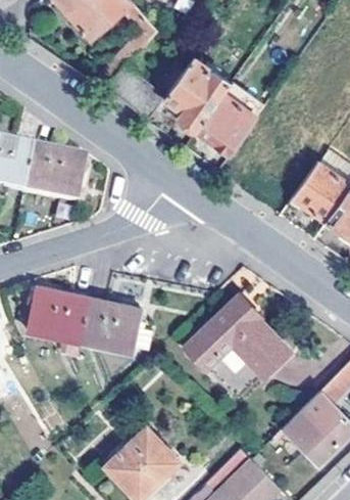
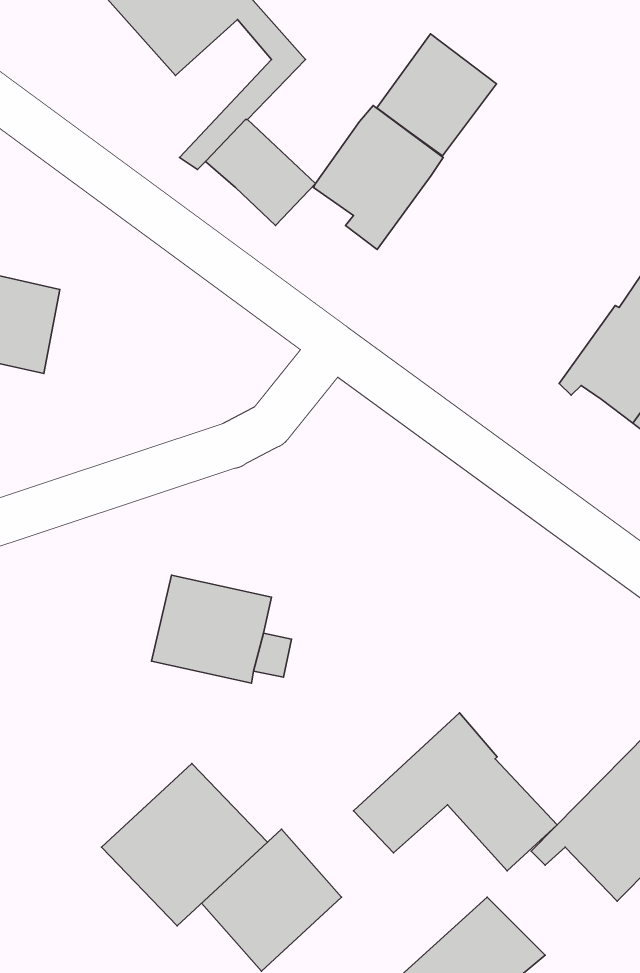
building: [195,91,256,153] -> [377,34,497,156]
building: [24,149,84,203] -> none
building: [29,283,90,339] -> none
building: [187,293,291,374] -> [354,713,557,871]
building: none -> [101,764,267,926]

